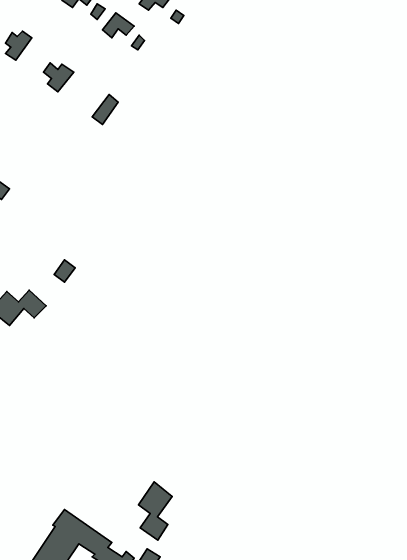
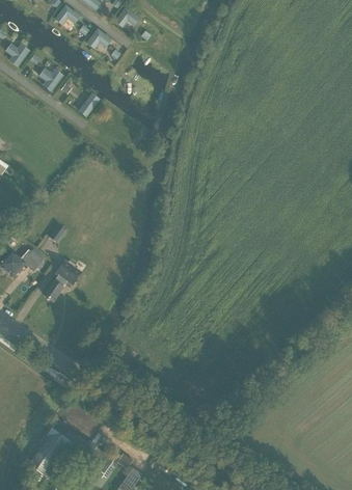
building: none -> [43,260,80,300]
building: [138,482,172,540] -> none

